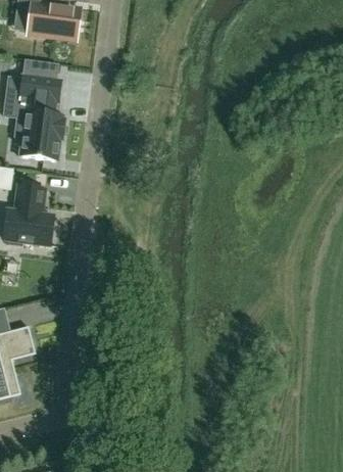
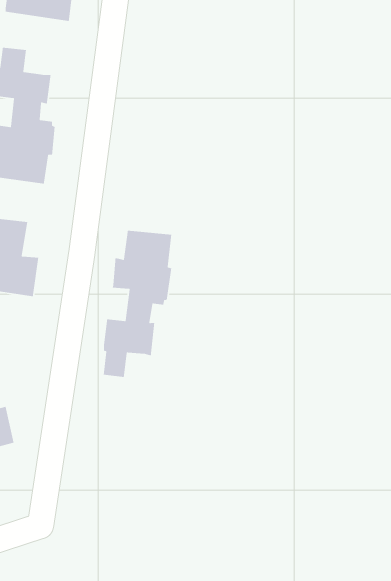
building: none -> [103,230,172,378]

